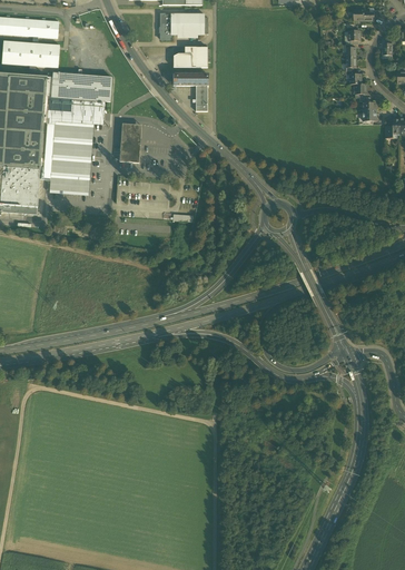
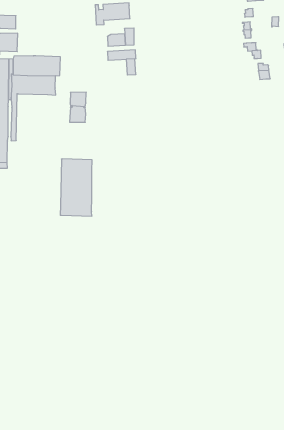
building: [48,120,92,195] -> [60,159,92,216]

